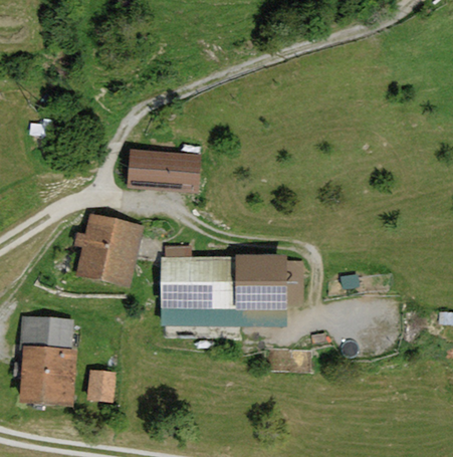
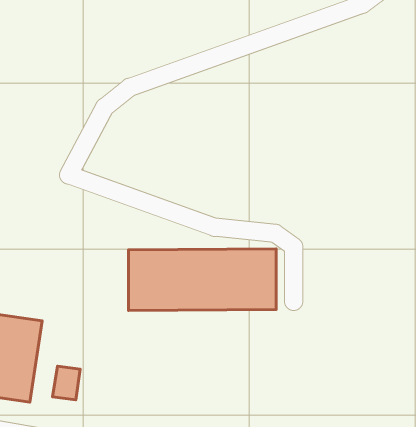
building: [127,147,203,188] -> none
building: [74,213,141,291] -> none

